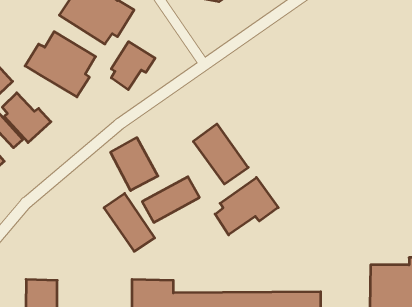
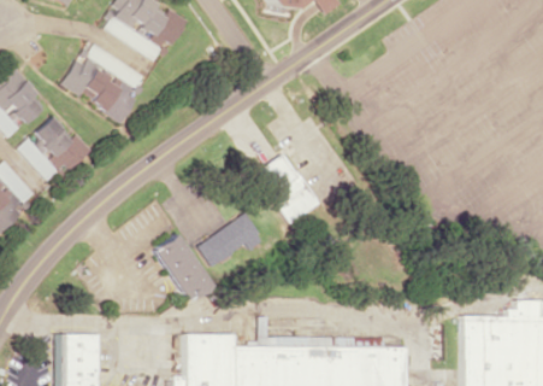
building: [111,42,155,90] -> none
building: [111,138,158,191] -> none
building: [215,177,278,235] -> none

